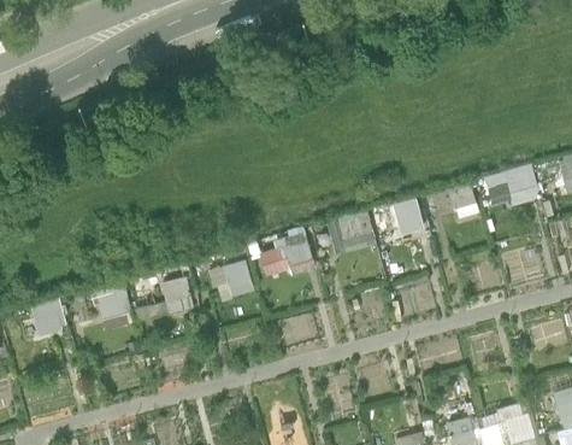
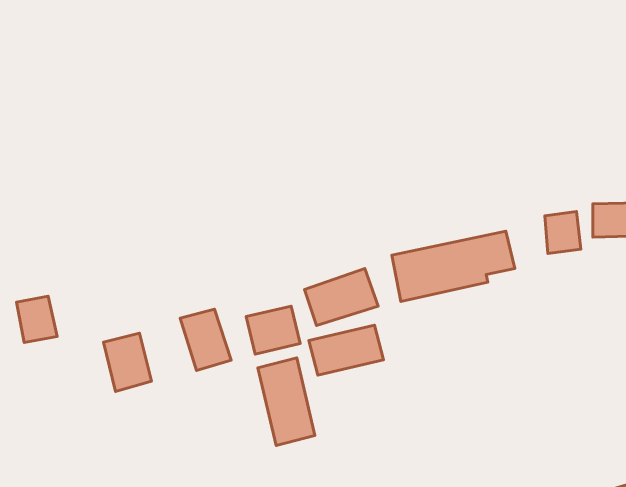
building: none -> [309,325,383,375]
building: [31,295,64,333] -> [17,296,57,343]
building: none -> [258,358,315,446]

